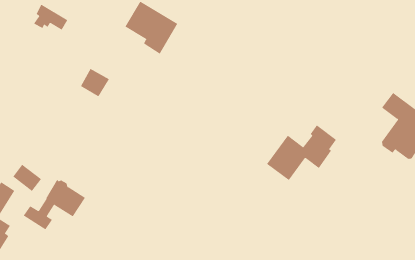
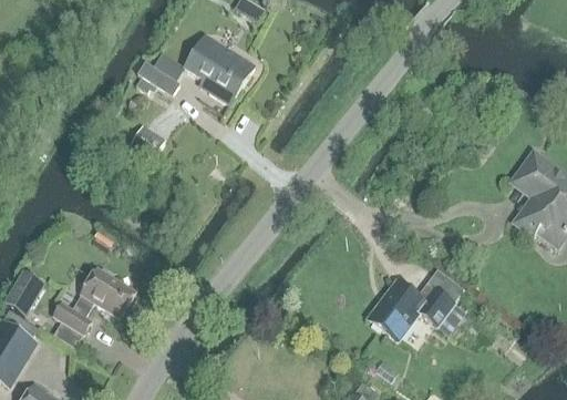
building: [33,4,68,30] -> [134,62,179,96]
building: [266,124,337,181] -> [371,268,463,341]
building: [12,164,42,192] -> none

